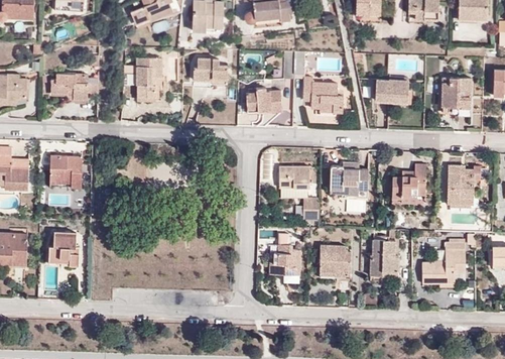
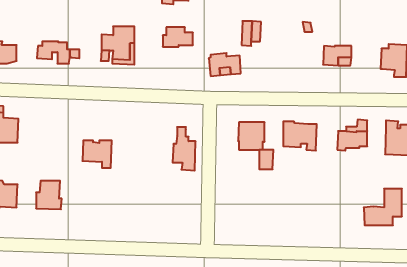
building: [302,77,344,113] -> none
building: [49,156,83,188] -> [82,140,112,168]
building: [274,234,300,283] -> [173,127,196,171]
building: [370,240,399,276] -> none
building: [320,245,352,279] -> none

